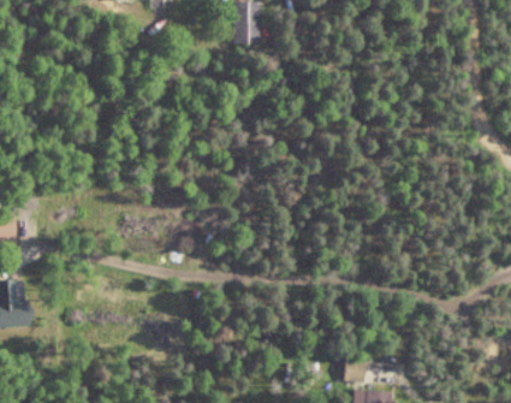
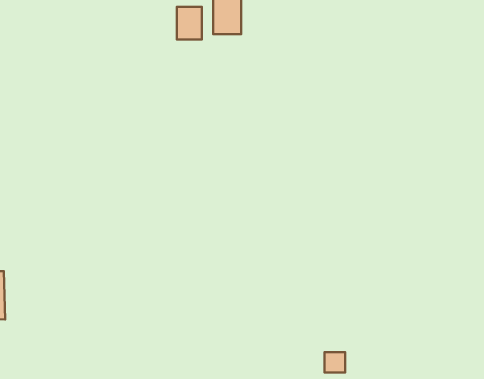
building: none -> [177,7,202,40]

